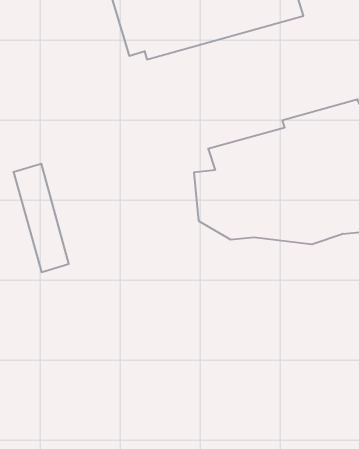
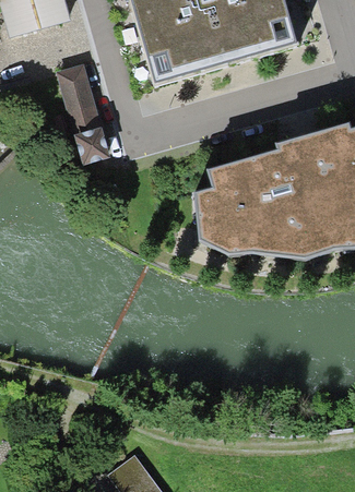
building: [13,164,69,272] -> [58,63,109,164]

